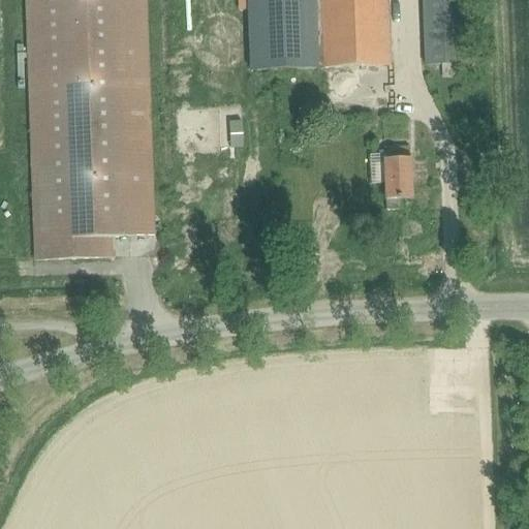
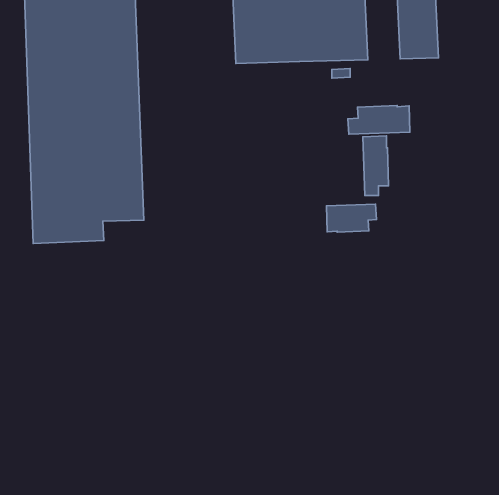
building: none -> [348,106,410,134]
building: none -> [327,204,376,232]

